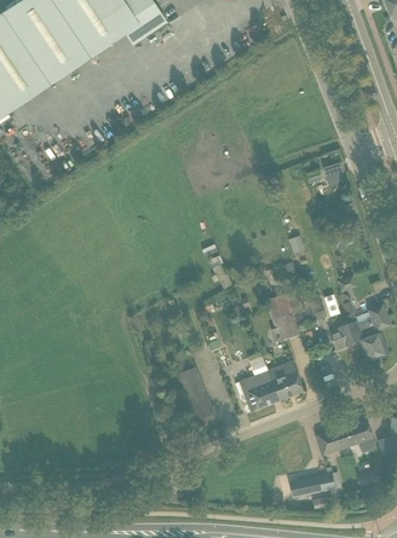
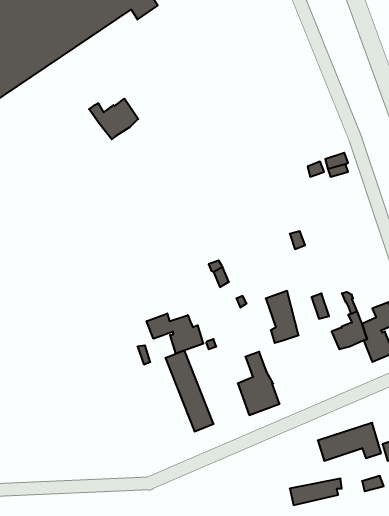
building: none -> [89,99,138,139]
building: none -> [147,313,203,354]
building: [269,360,305,400] -> none

